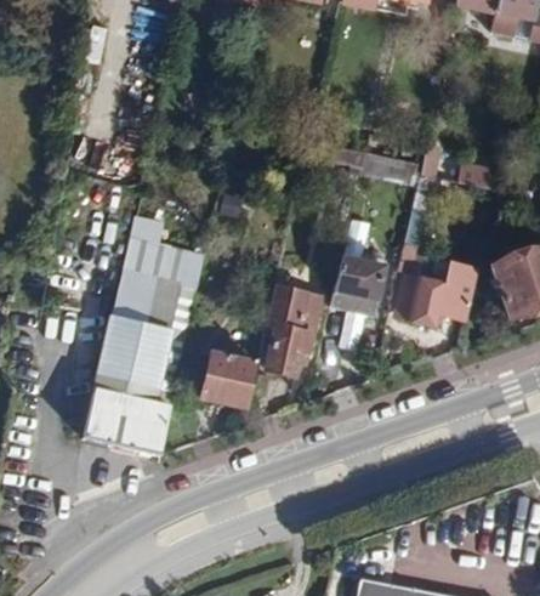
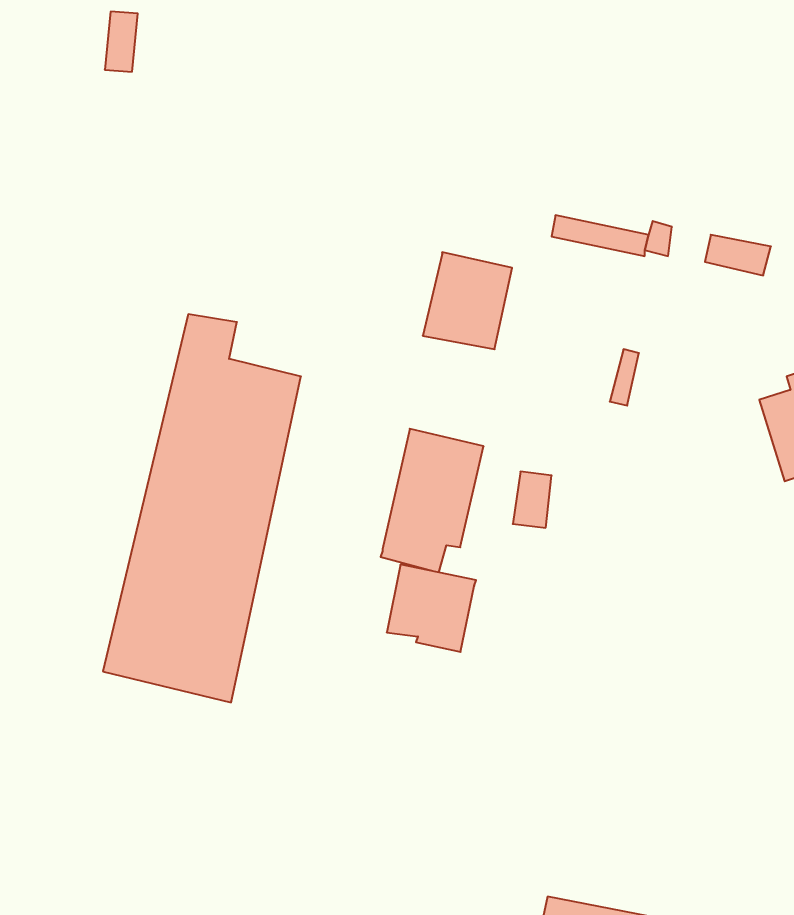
building: [330,255,386,316] -> [423,252,512,349]
building: [396,262,478,327] -> none
building: [201,353,257,408] -> [387,565,476,652]

